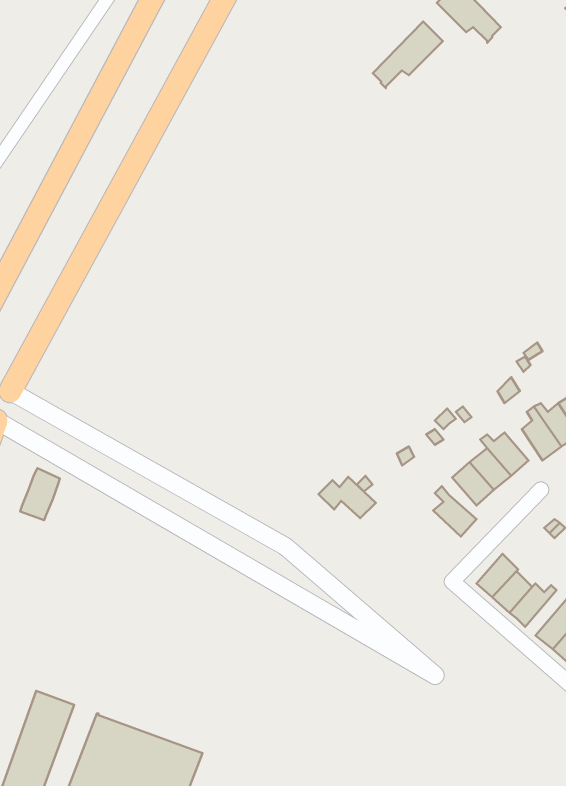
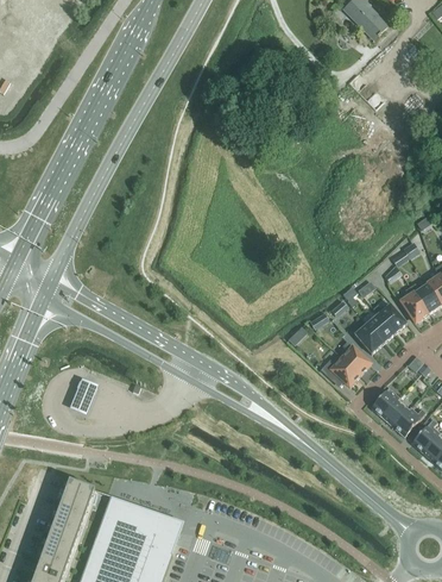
building: [373,21,443,88] -> none
building: [20,468,60,520] -> [69,375,96,411]
building: [319,477,376,518] -> [320,357,359,386]

